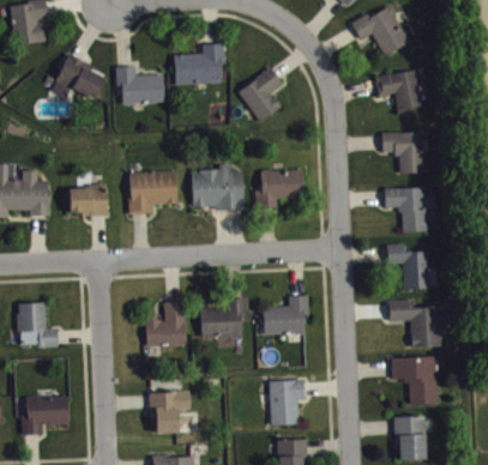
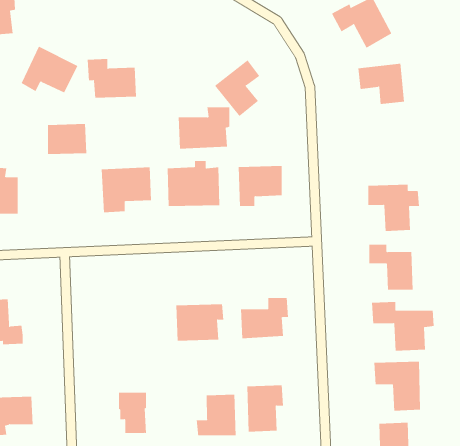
building: [174,44,224,85] -> [178,107,230,149]
building: [382,132,423,174] -> none
building: [70,186,108,216] -> [47,123,87,155]
building: [145,302,185,346] -> none
building: none -> [196,394,236,436]

